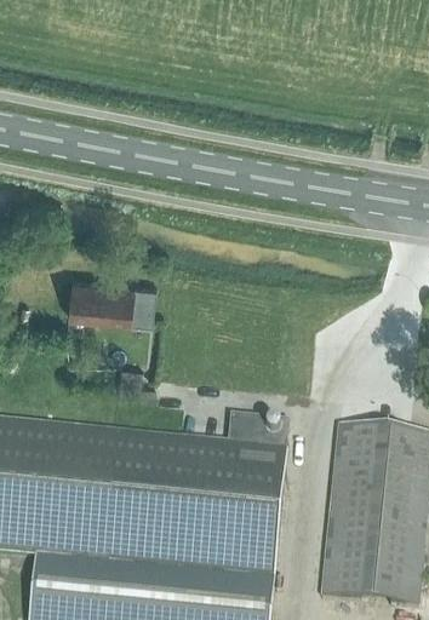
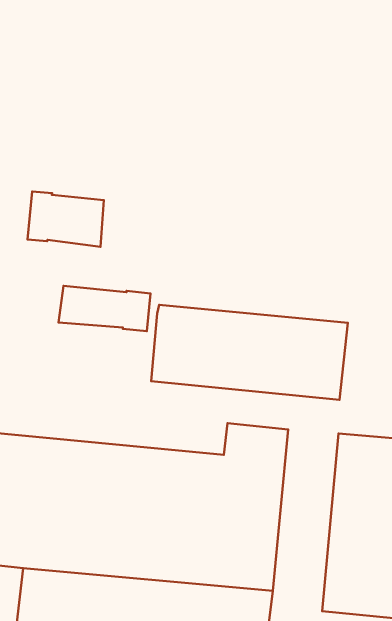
building: none -> [27,191,104,247]
building: none -> [151,305,348,400]

